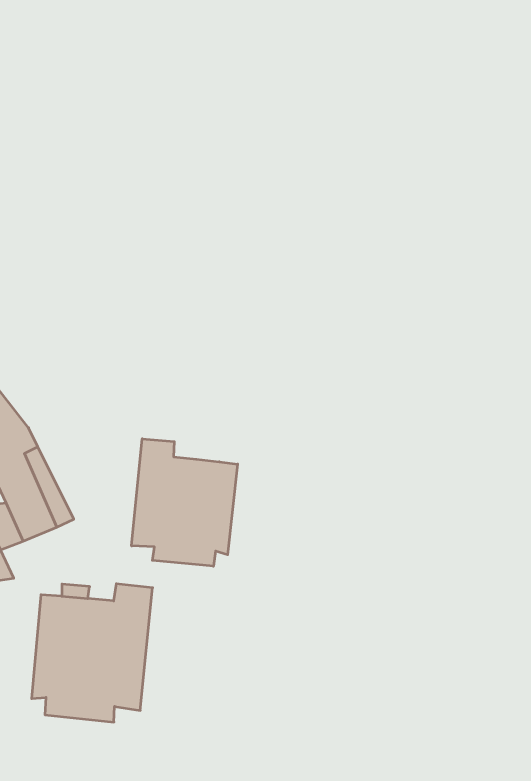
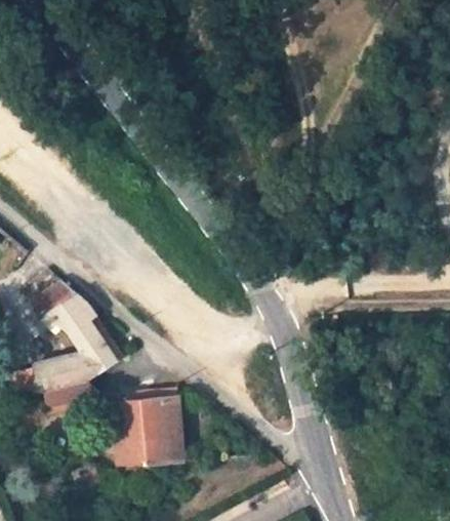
building: [132,439,238,566] -> none

